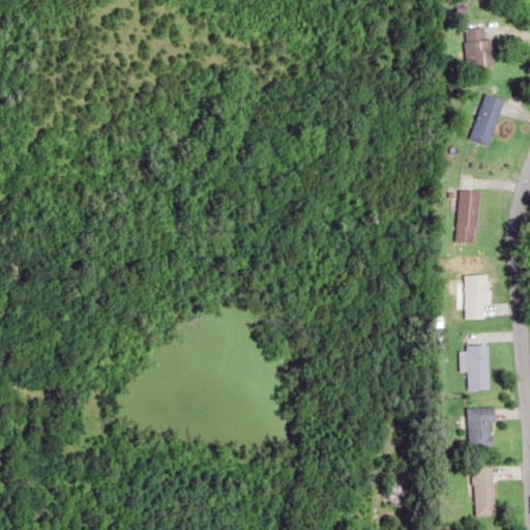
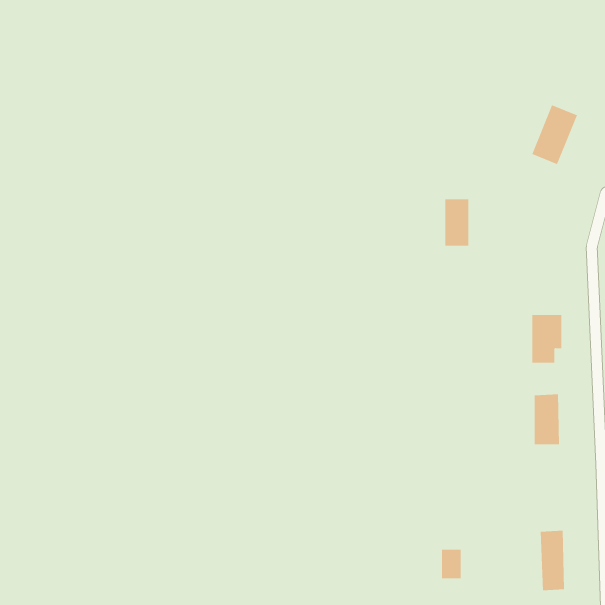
building: [462,28,493,70] -> none
building: [458,189,479,231] -> [444,199,469,246]
building: [466,408,494,449] -> none

